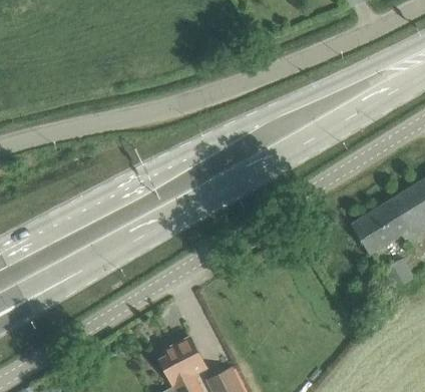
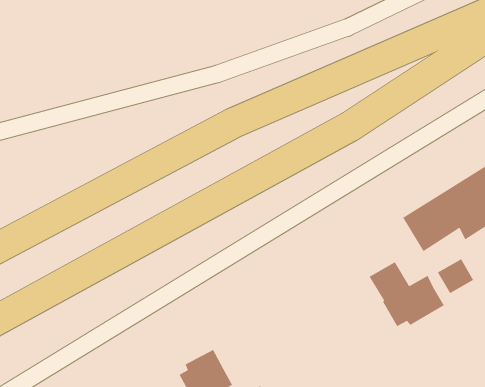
building: none -> [369,261,445,327]

